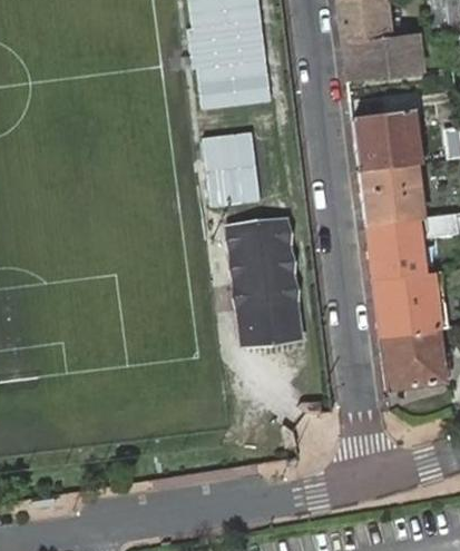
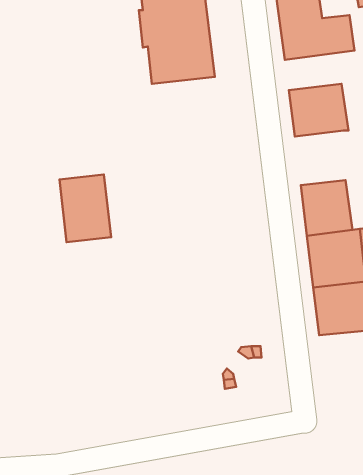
building: [204,131,261,206] -> [59,174,111,242]
building: [360,159,421,219] -> none
building: [232,222,301,345] -> none

